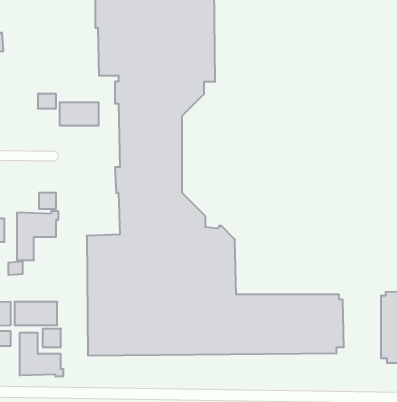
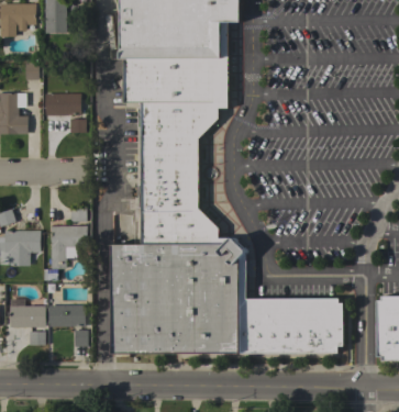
building: [60,102,99,126] -> [45,93,80,114]
building: [20,333,63,377] -> none

